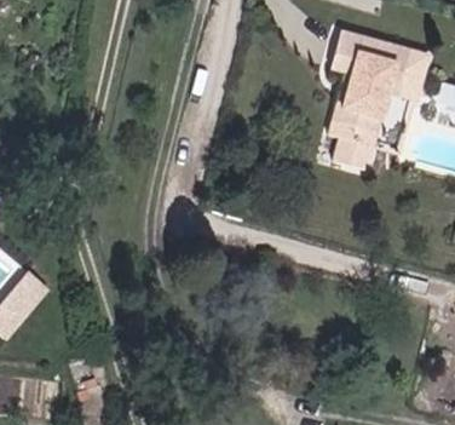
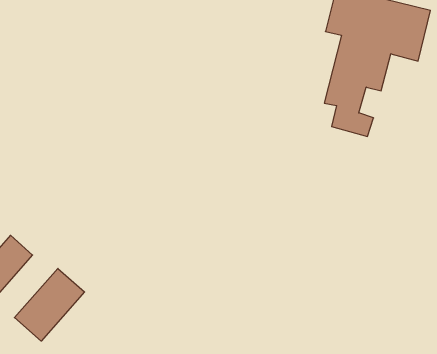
building: none -> [14,268,85,341]

